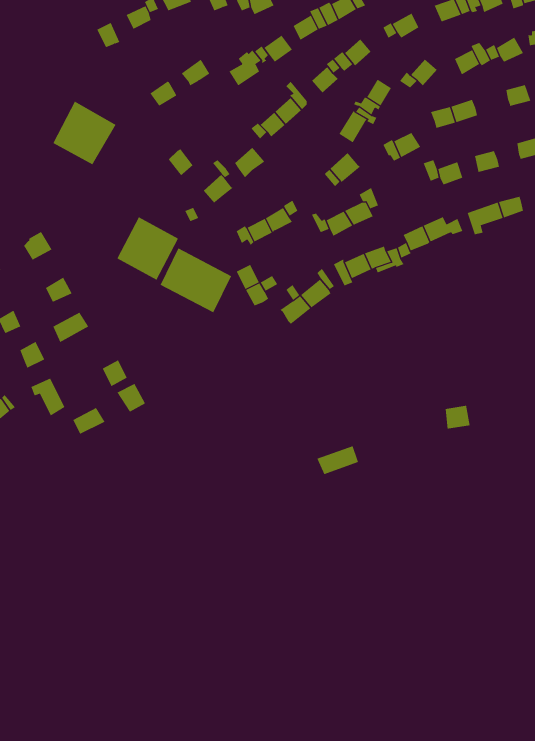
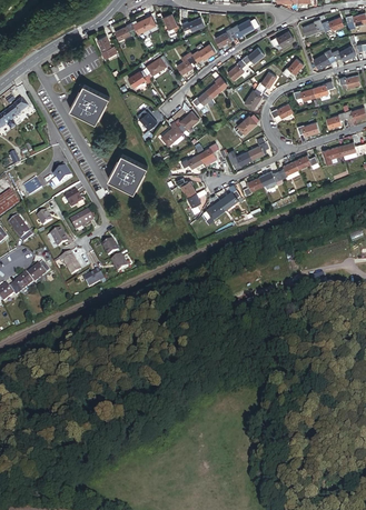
building: [160,248,232,313] -> none

